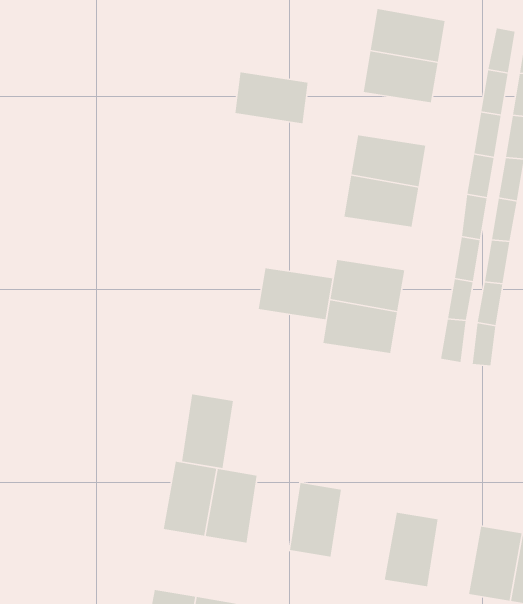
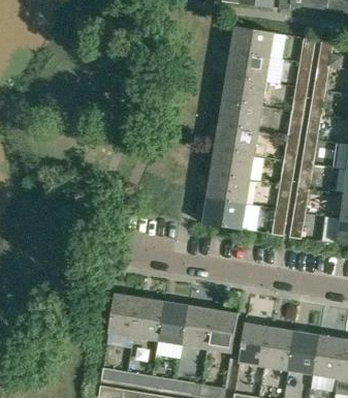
building: [235,72,308,124] -> [222,75,265,106]
building: [258,267,333,320] -> [210,149,254,180]
building: [181,394,234,469] -> [157,301,188,345]
building: none -> [207,309,238,354]
building: none -> [263,327,294,371]

